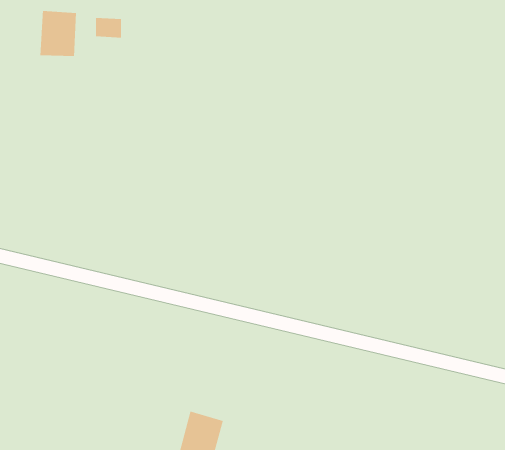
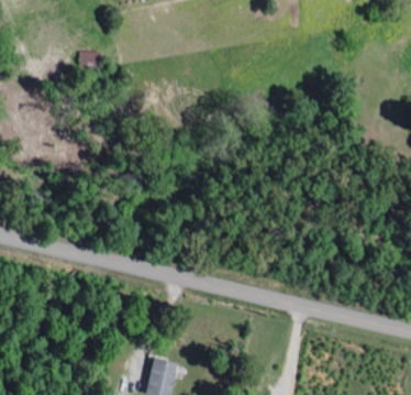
building: [40,10,77,57] -> none

